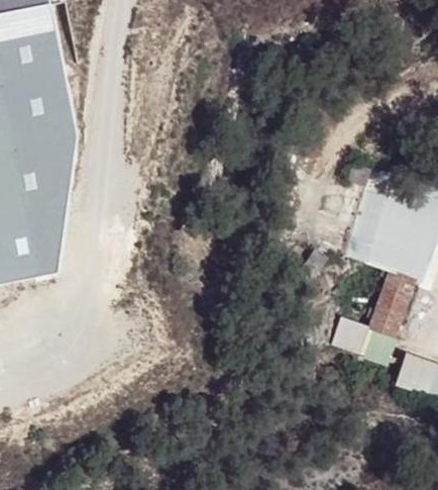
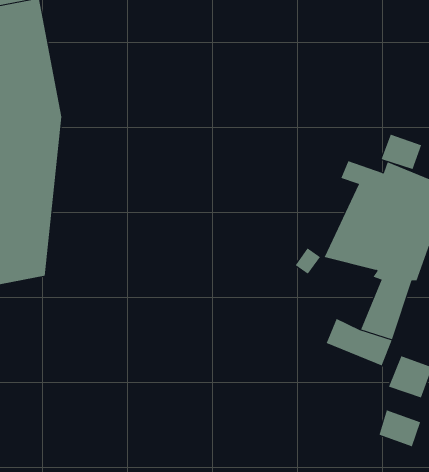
building: none -> [381,134,422,170]
building: none -> [379,410,421,447]

